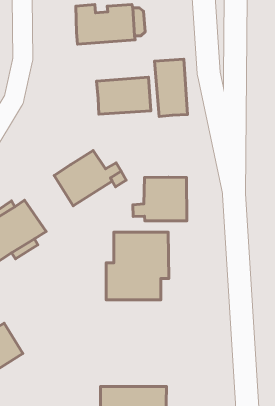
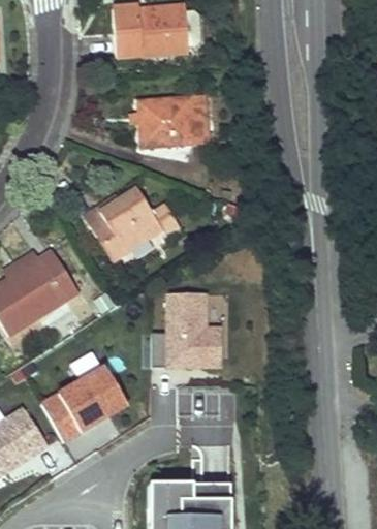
building: [155,59,187,117] -> none
building: [133,177,187,221] -> none
building: none -> [41,364,127,436]

